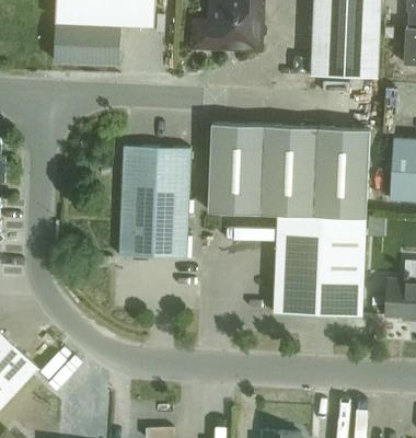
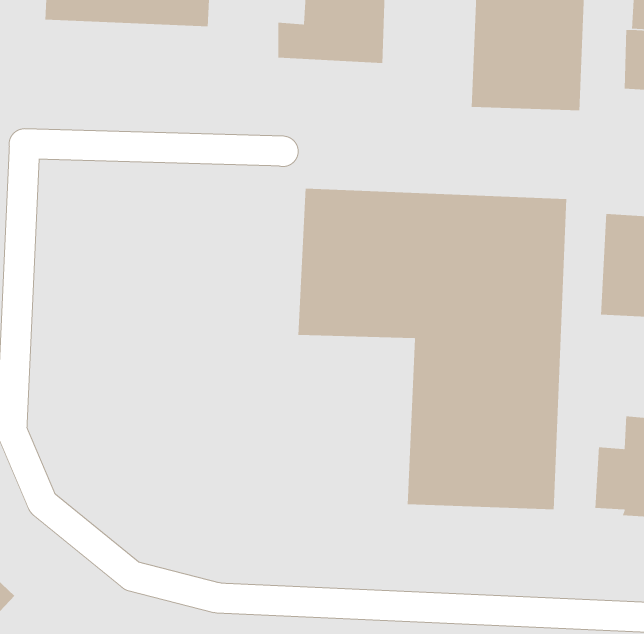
building: [53,28,120,67] -> none
building: [119,147,190,260] -> none

